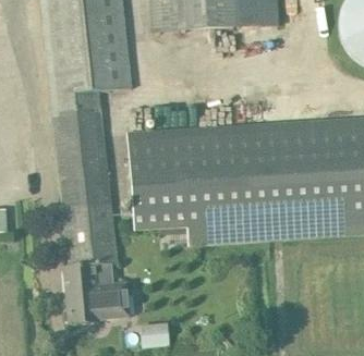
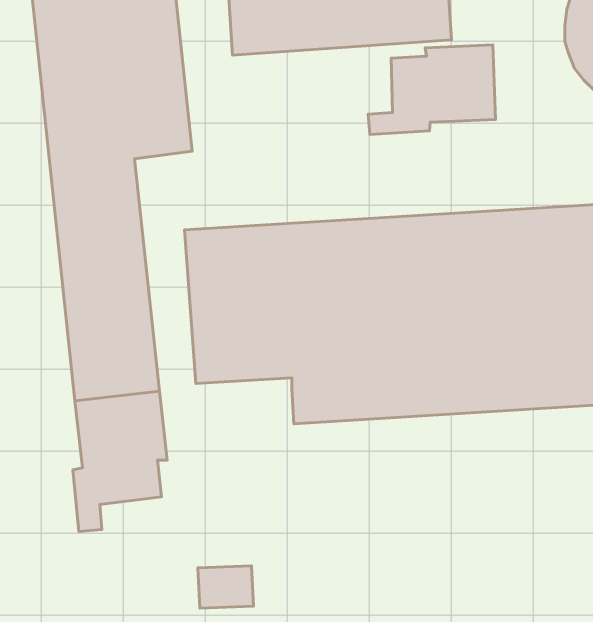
building: none -> [368,45,496,135]
building: [68,283,131,326] -> none

